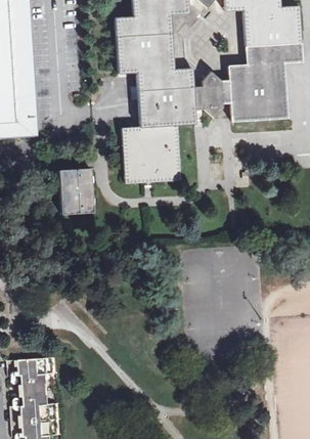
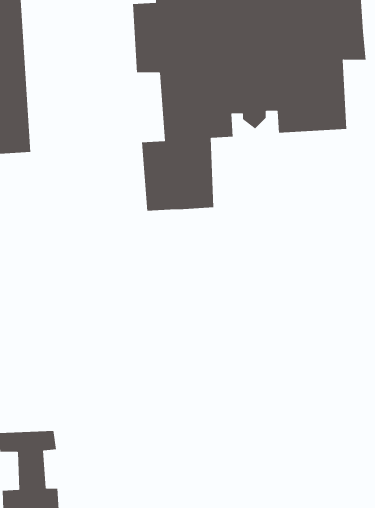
building: [58,167,93,214] -> none

